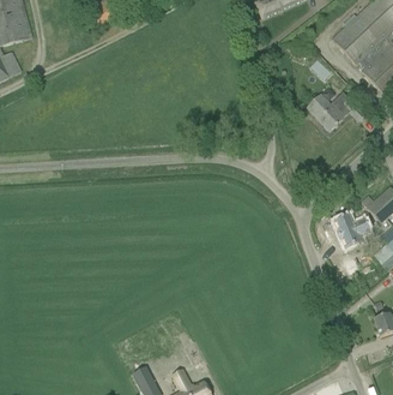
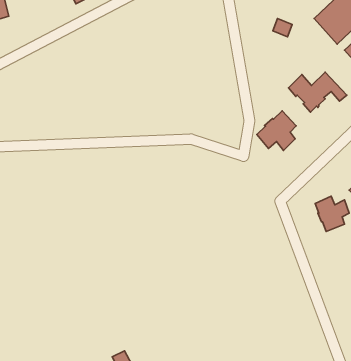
building: none -> [257,111,296,150]

